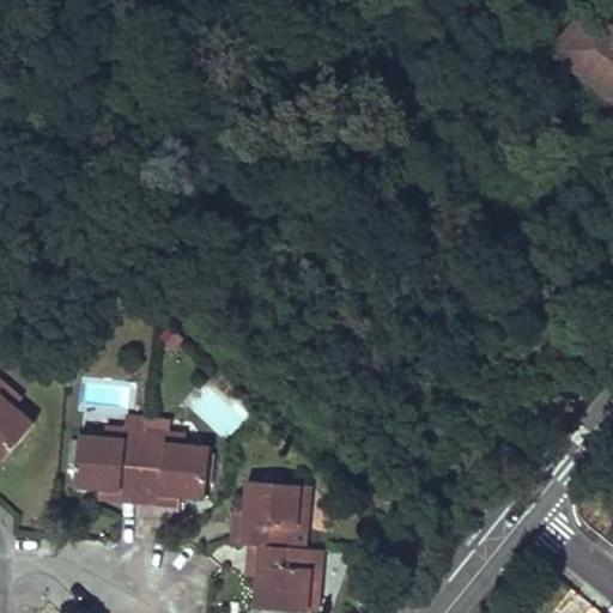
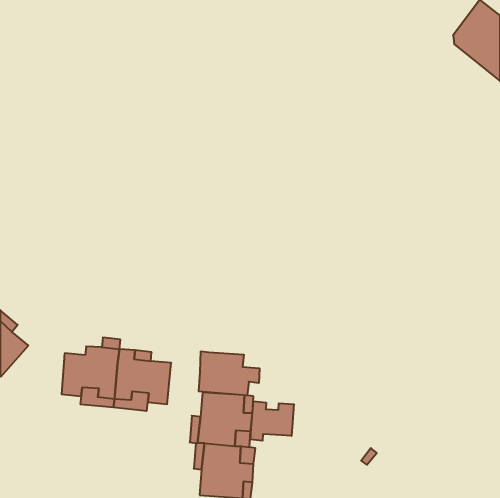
building: none -> [199,351,259,395]
building: none -> [251,401,294,441]

